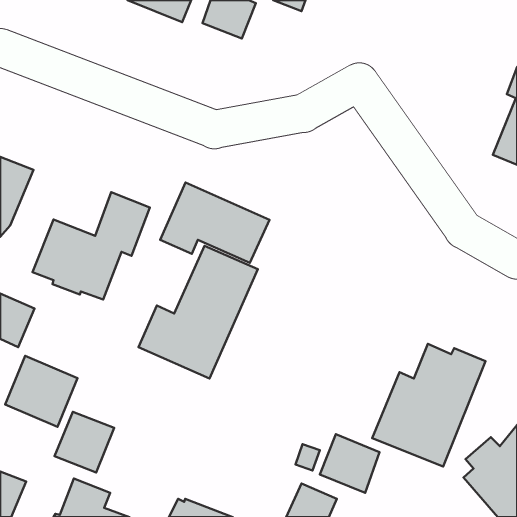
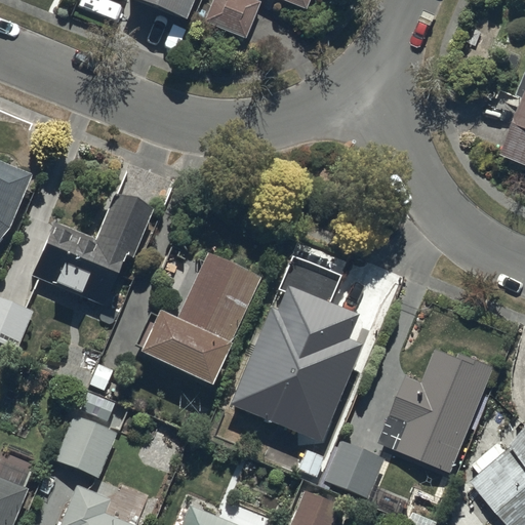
building: [160,182,269,263] -> none
building: none -> [230,256,362,442]
building: [5,356,78,427] -> none

